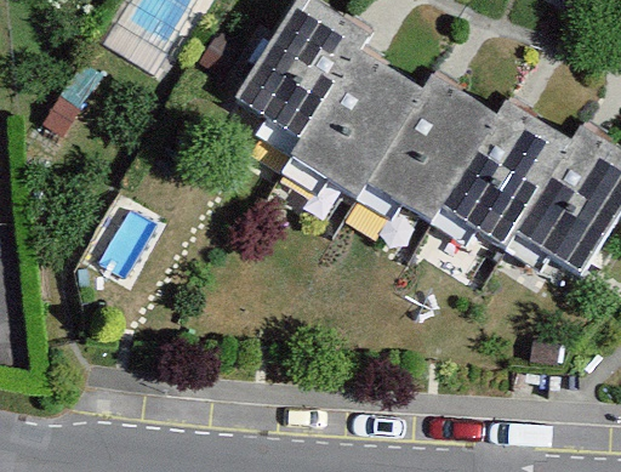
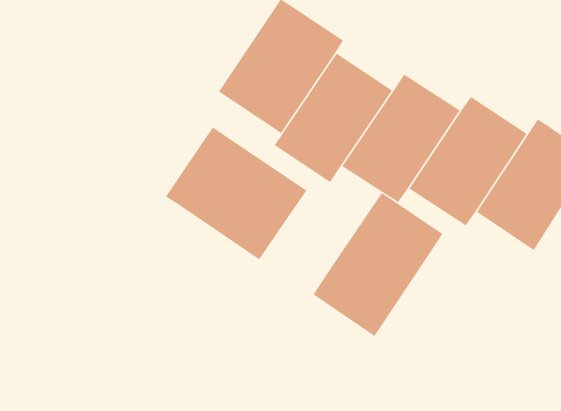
building: none -> [165,126,307,260]
building: none -> [313,192,443,337]

